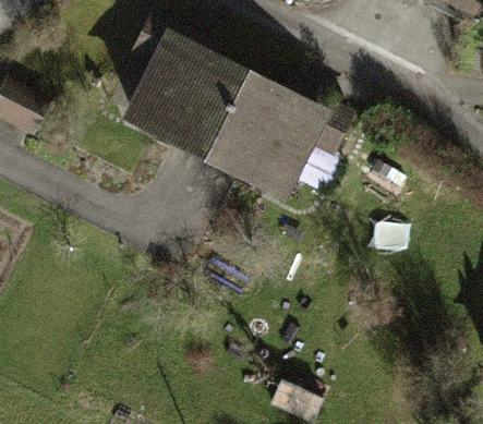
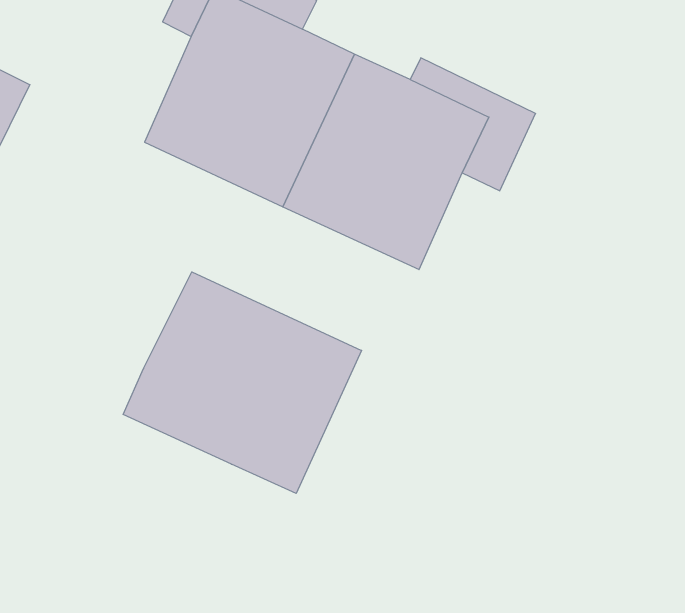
building: none -> [123,272,362,493]

